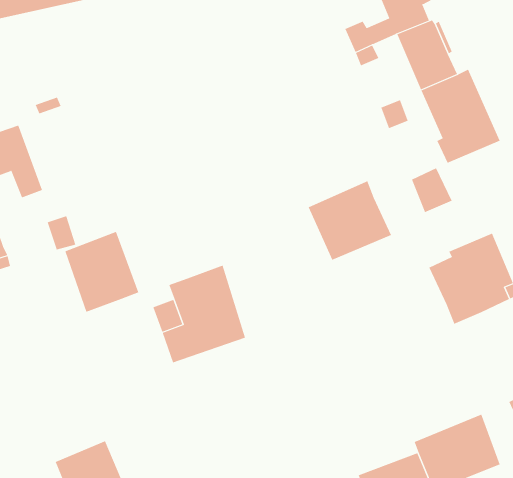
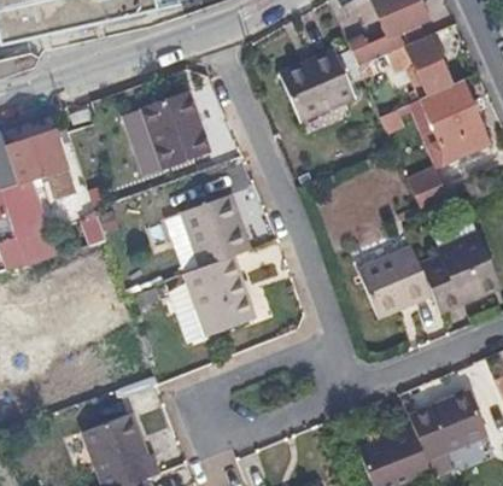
building: none -> [276,49,350,119]
building: none -> [125,96,207,169]
building: [308,180,392,260] -> [362,242,438,315]
building: [64,231,139,313] -> [185,194,252,268]

